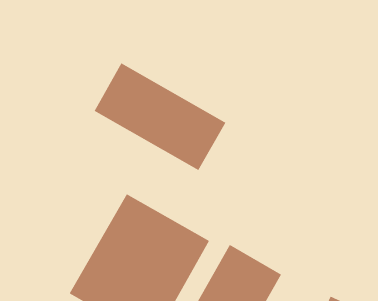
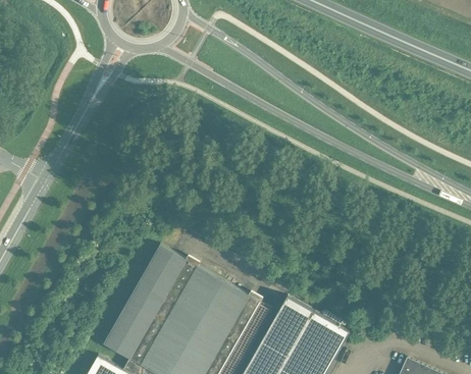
building: [94,63,226,171] -> none

